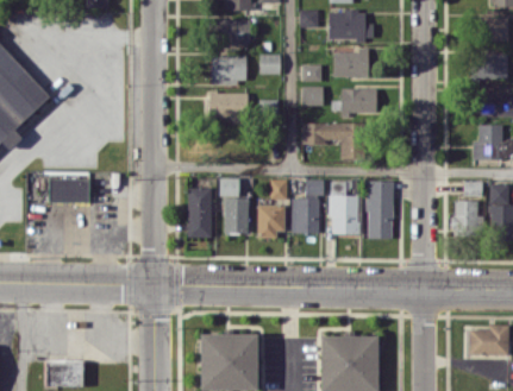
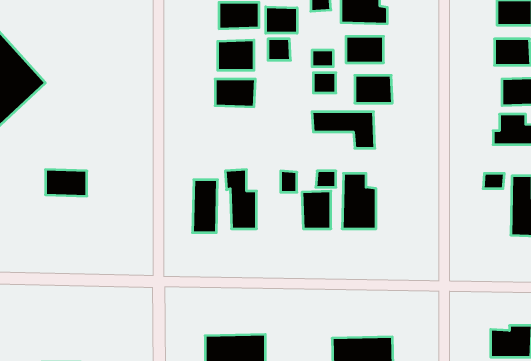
building: none -> [266,7,297,33]
building: [367,179,394,238] -> none
building: [452,200,478,229] -> none
building: [257,204,286,235] -> none

